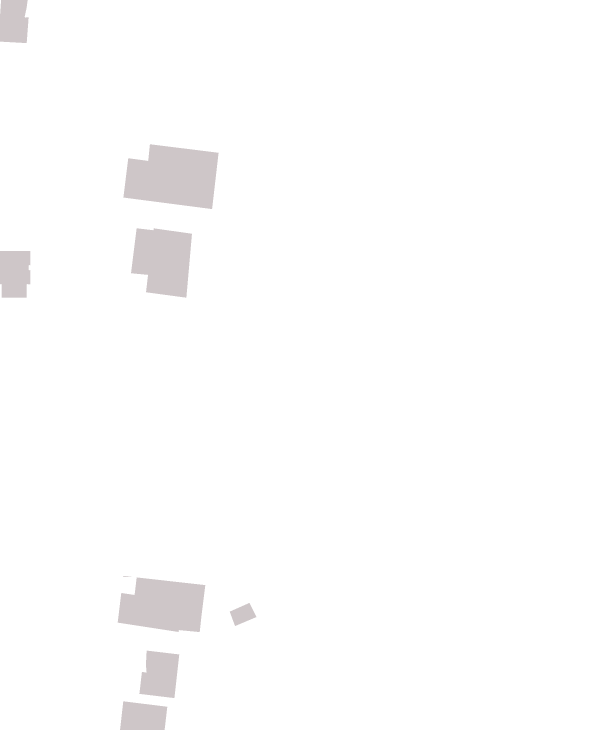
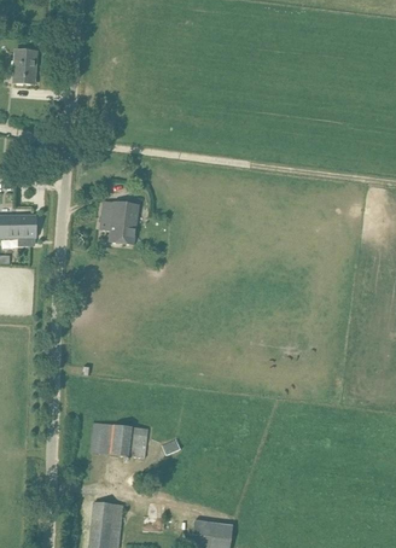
building: [123,143,219,210] -> none
building: [139,650,180,699] -> none

